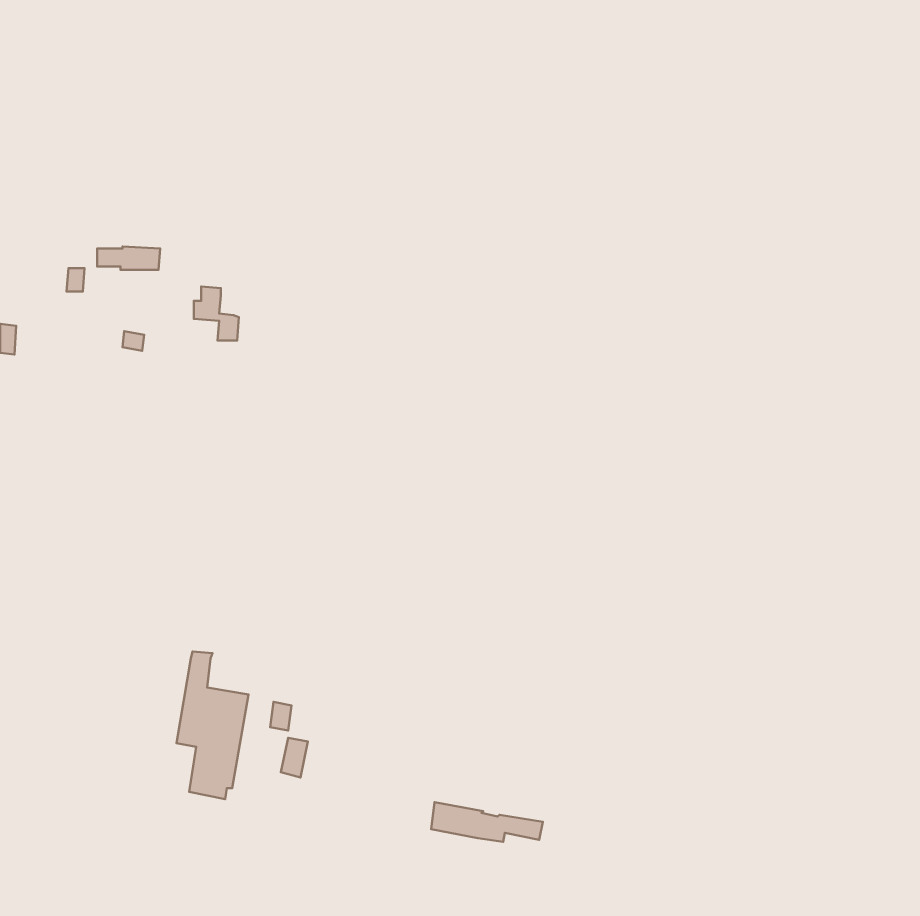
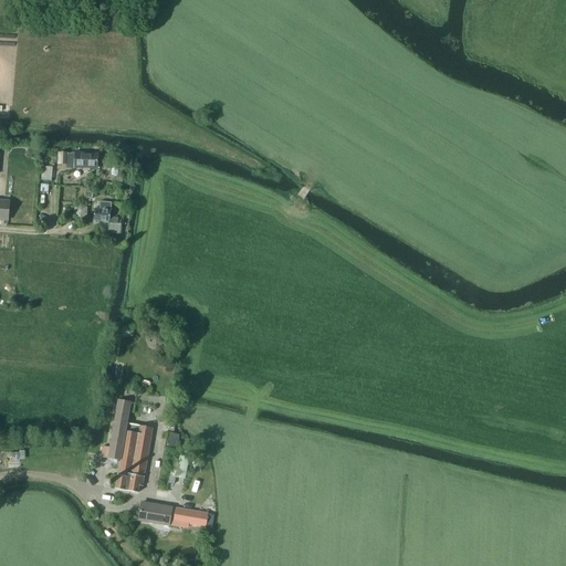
building: [194,286,239,340] -> [95,199,123,232]
building: [431,802,543,842] -> [139,501,208,525]

